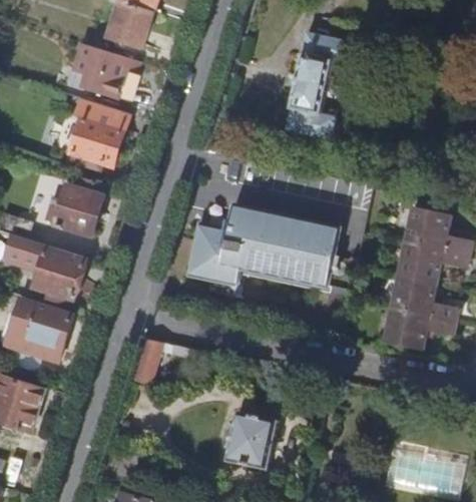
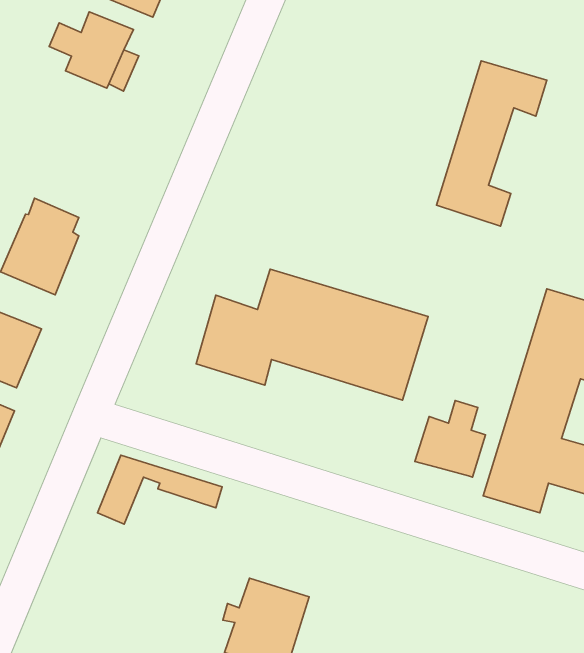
building: [284,33,349,140] -> [436,61,547,226]
building: [69,99,130,168] -> none
building: none -> [415,400,485,477]

